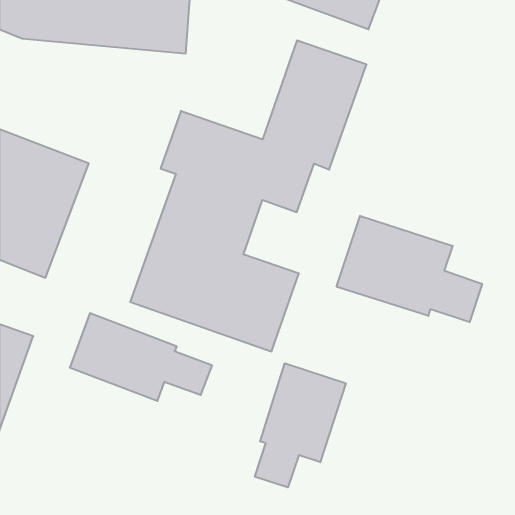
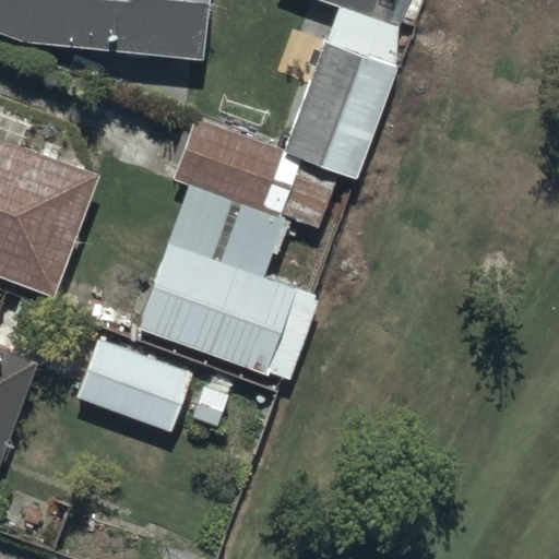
building: [337,216,482,322] -> none
building: [255,363,346,487] -> none

